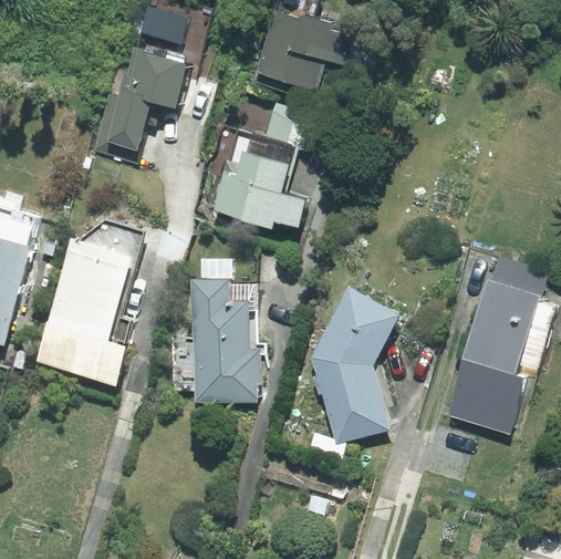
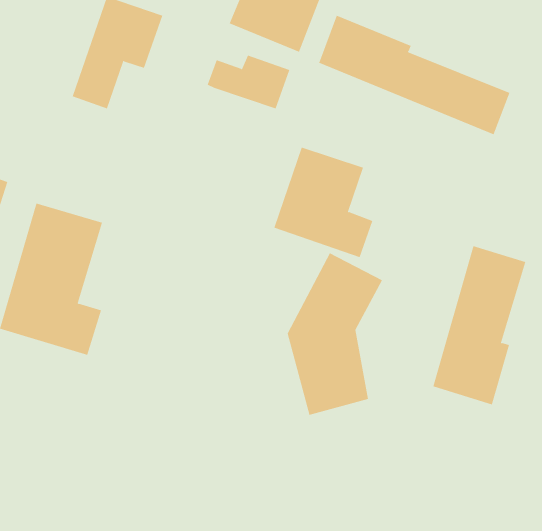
building: none -> [318,15,510,135]
building: [212,130,308,236] -> [274,147,373,258]
building: [186,259,256,402] -> none

